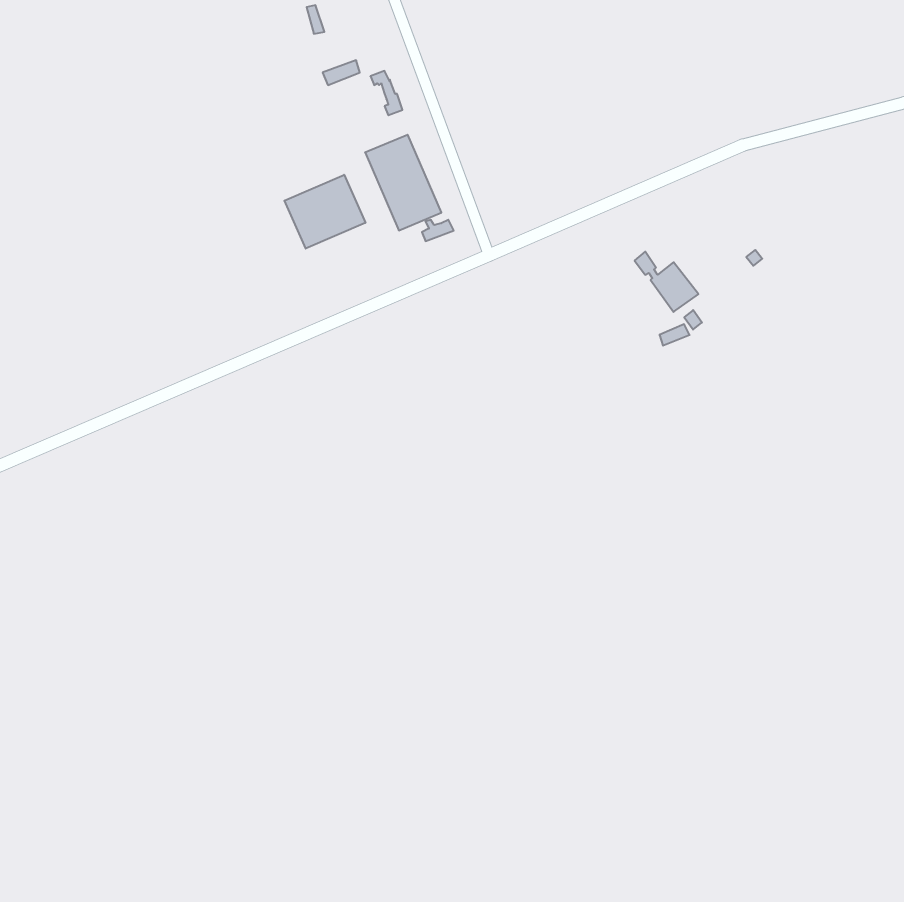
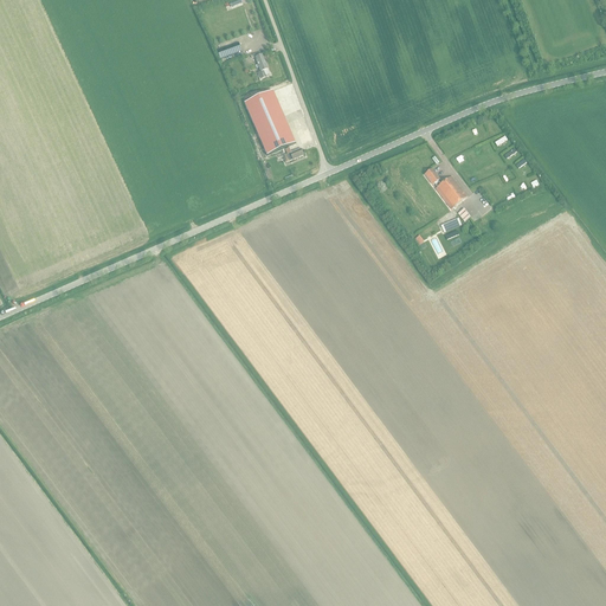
building: [284,175,365,249] -> none

